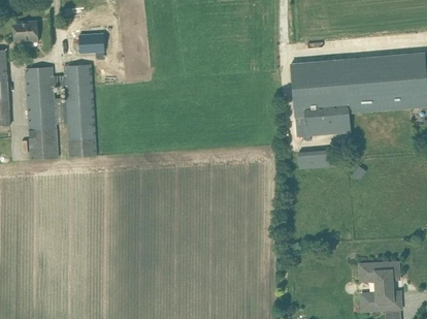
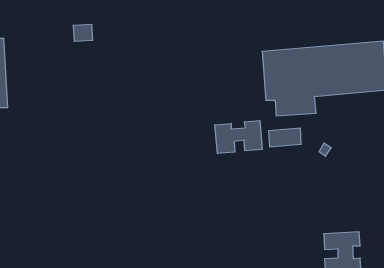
building: [12,21,37,43] -> none
building: [25,65,96,159] -> none
building: none -> [215,120,262,154]

